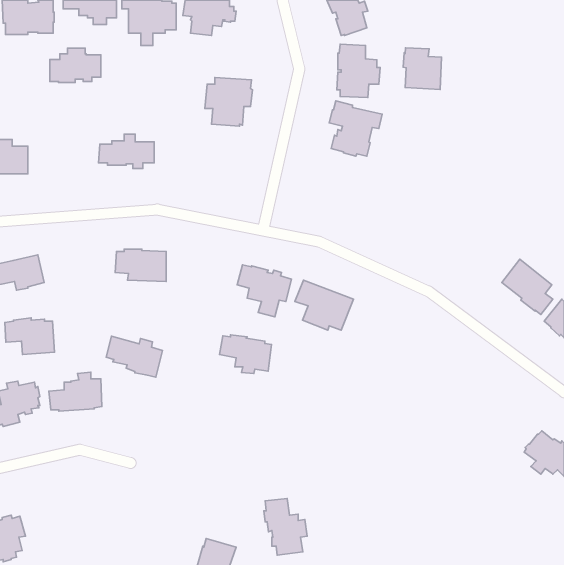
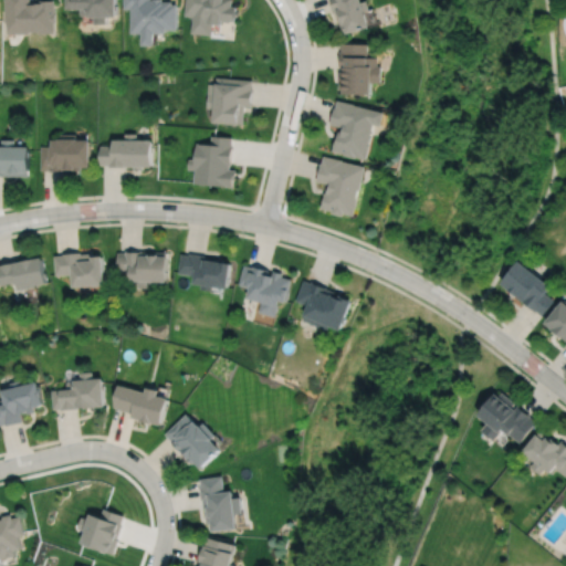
building: [403,48,441,89] -> none
building: [50,48,101,83] -> [39,136,90,170]
building: none -> [187,137,235,186]
building: none -> [315,155,364,214]
building: [5,318,55,355] -> [53,251,103,287]
building: [219,335,272,373] -> [176,252,228,291]
building: [106,336,163,377] -> [111,386,167,427]
building: none -> [479,392,535,442]
building: none -> [164,415,220,470]
building: [264,499,307,555] -> [198,478,241,534]
building: none -> [75,510,123,555]

